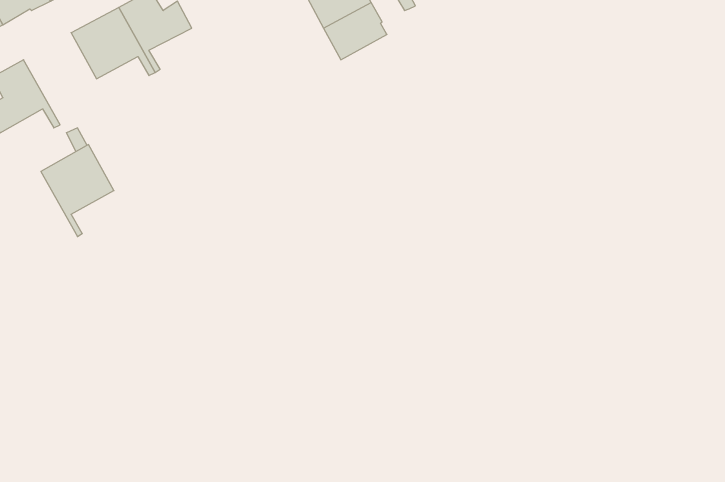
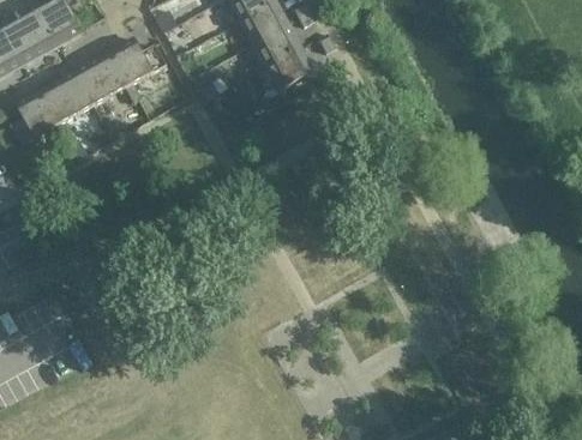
building: [41,145,114,237] -> [40,68,95,138]

